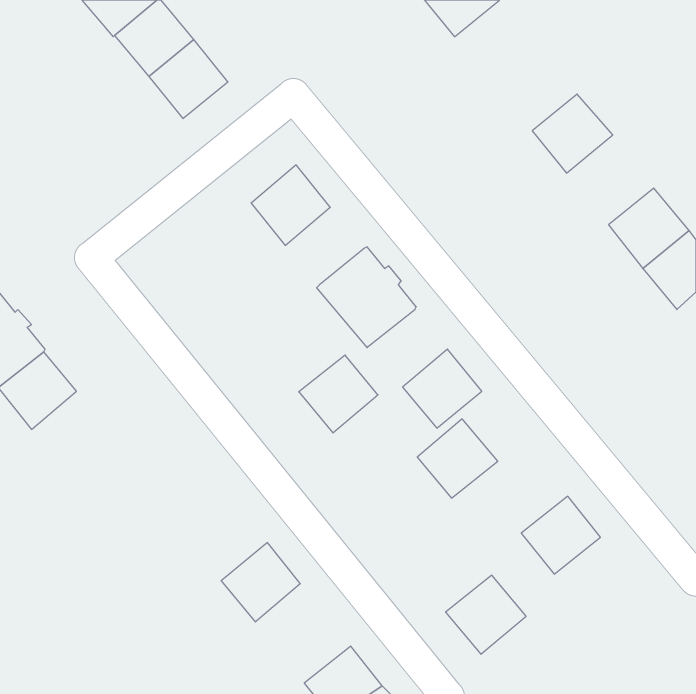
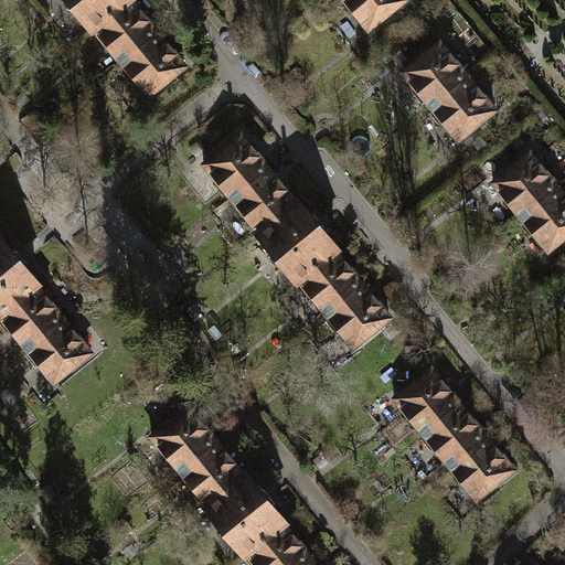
building: none -> [402,44,467,108]
building: none -> [231,170,295,233]
building: [299,355,378,433] -> [298,253,362,316]
building: none -> [25,319,90,383]
building: [417,419,498,498] -> [394,370,459,434]
building: none -> [151,408,216,472]
building: [446,575,526,654] -> [448,437,513,501]
building: none -> [204,473,285,556]

